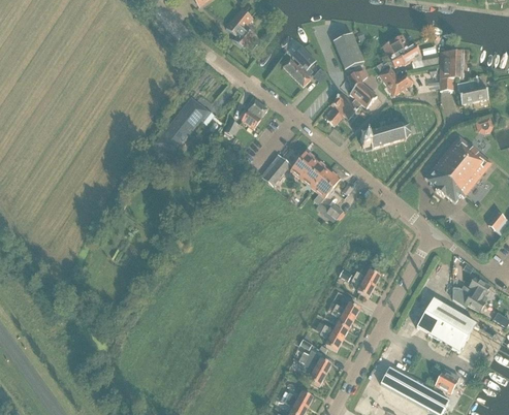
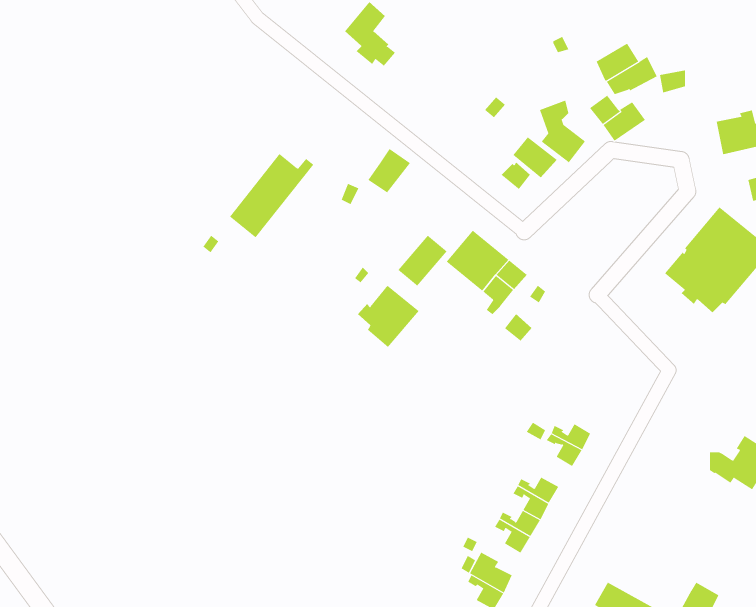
building: [332,32,363,69] -> none
building: [283,45,315,86] -> none
building: [439,51,460,90] -> none
building: [359,122,411,149] -> none
building: none -> [357,285,420,348]
building: [416,297,475,351] -> none

